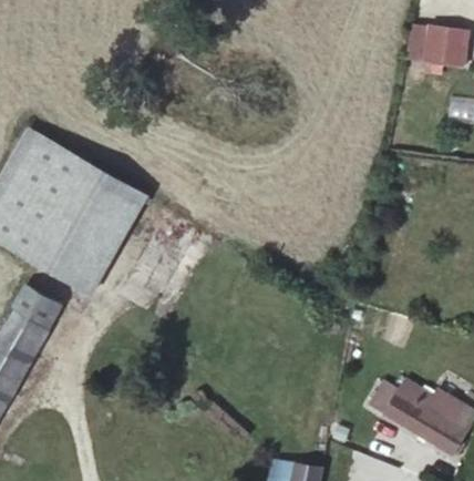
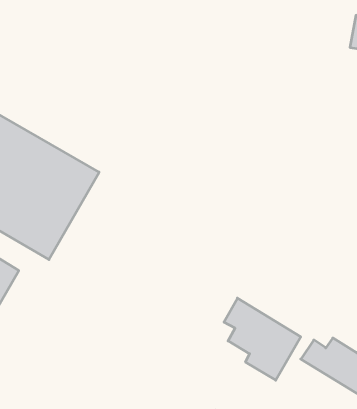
building: none -> [224,298,301,380]

